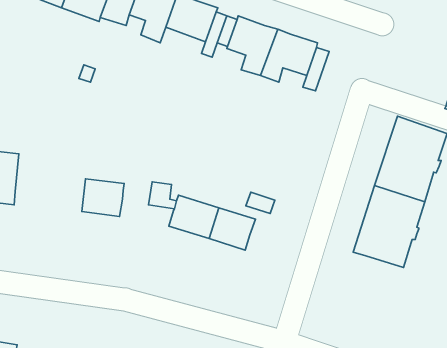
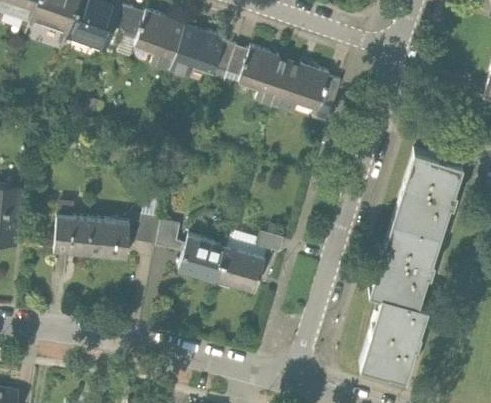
building: none -> [53,213,92,251]
building: none -> [130,216,161,244]
building: none -> [360,297,430,382]

